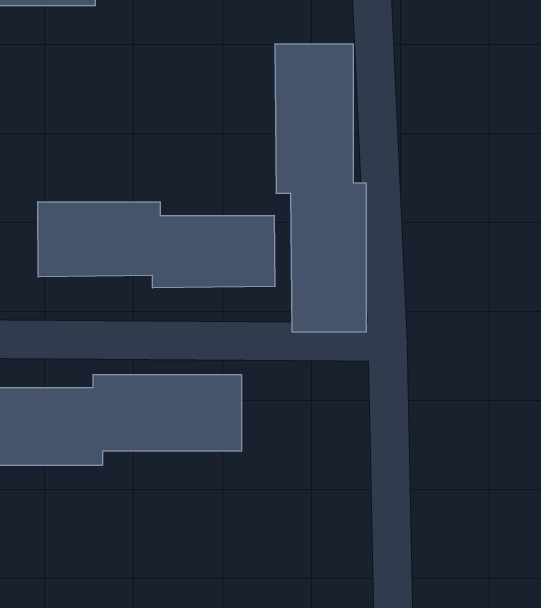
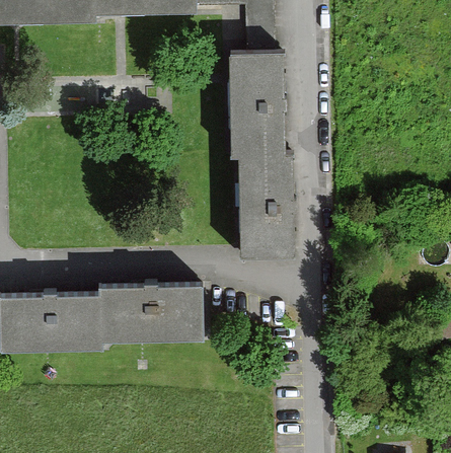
building: [38,202,275,288] -> none

